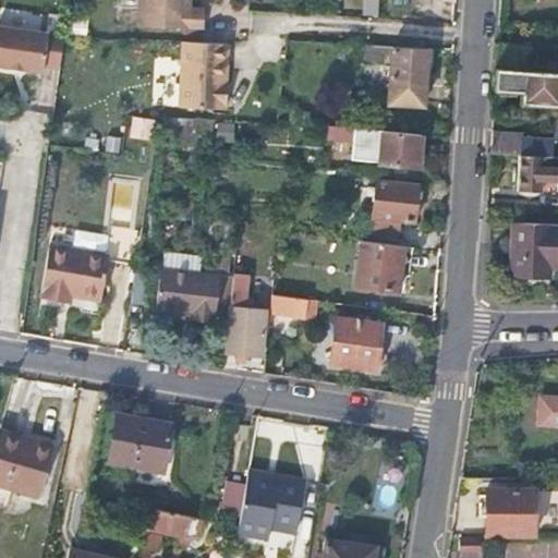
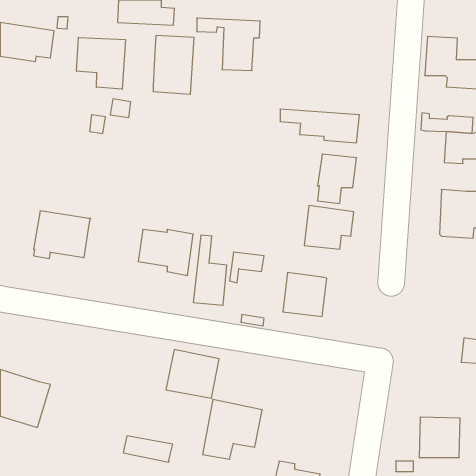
building: [359,45,433,106] -> [197,18,260,71]
building: none -> [77,37,125,89]
building: [109,414,171,471] -> [166,350,219,398]

